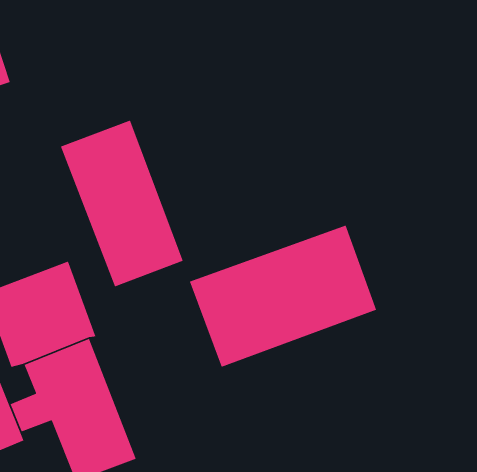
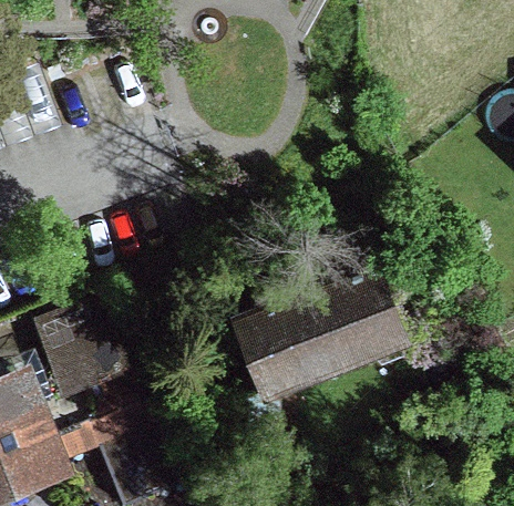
building: [60,120,184,288] -> none

